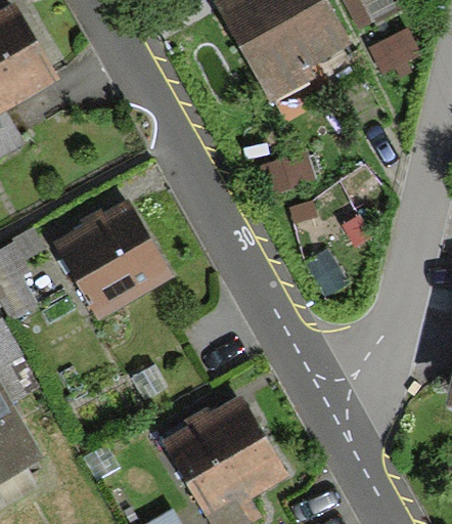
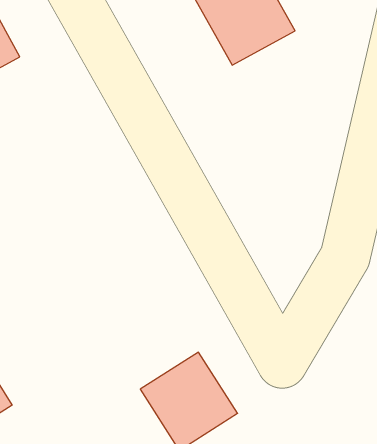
building: [62,210,159,307] -> none

